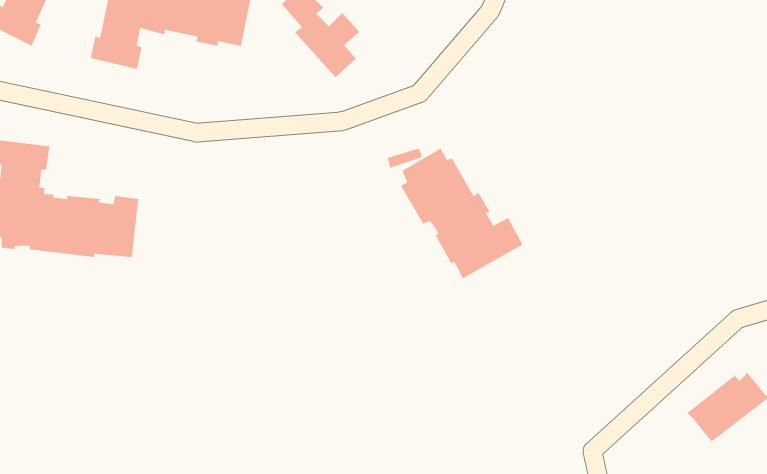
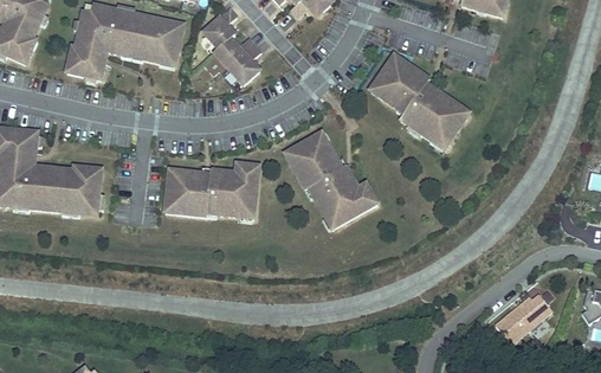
building: none -> [371,53,467,143]
building: none -> [164,163,259,217]

